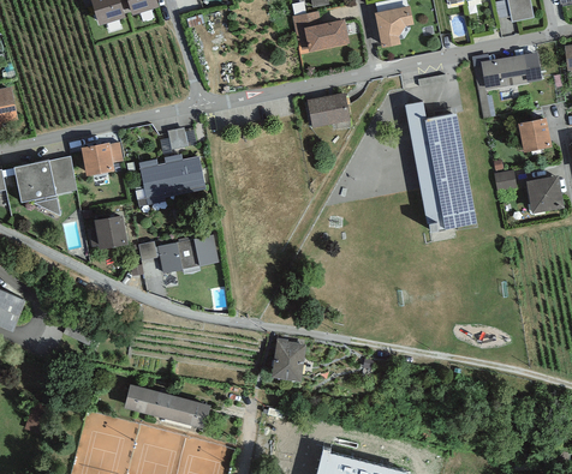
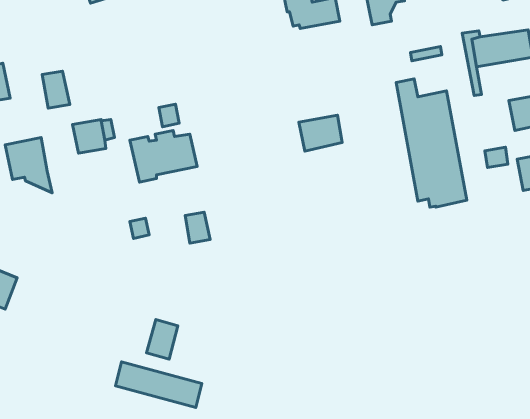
building: [306,91,350,127] -> [299,115,342,151]
building: [49,156,77,193] -> [42,71,70,108]
building: [94,215,127,248] -> none
building: [157,238,198,272] -> none
building: [272,337,305,380] -> none
building: none -> [146,320,178,359]

